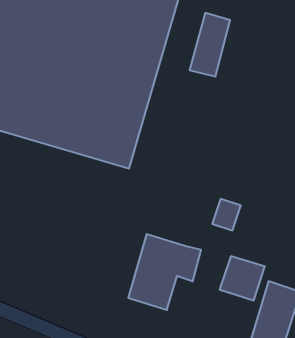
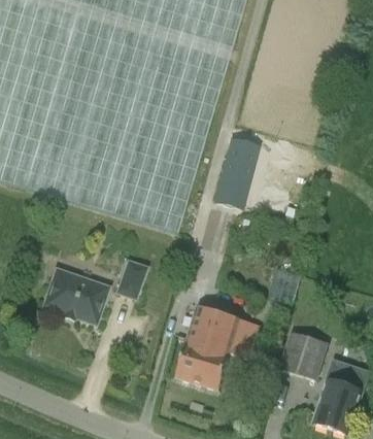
building: [190,13,230,77] -> [213,138,259,209]
building: none -> [117,260,146,298]
building: none -> [43,268,108,323]

